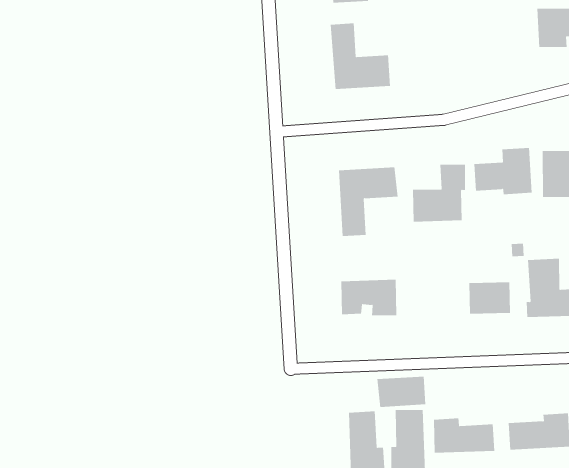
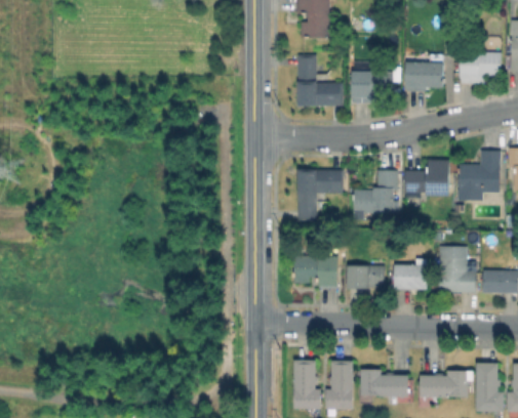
building: none -> [405,61,444,91]
building: none -> [352,72,394,102]
building: [376,376,426,407] -> [347,265,385,288]

